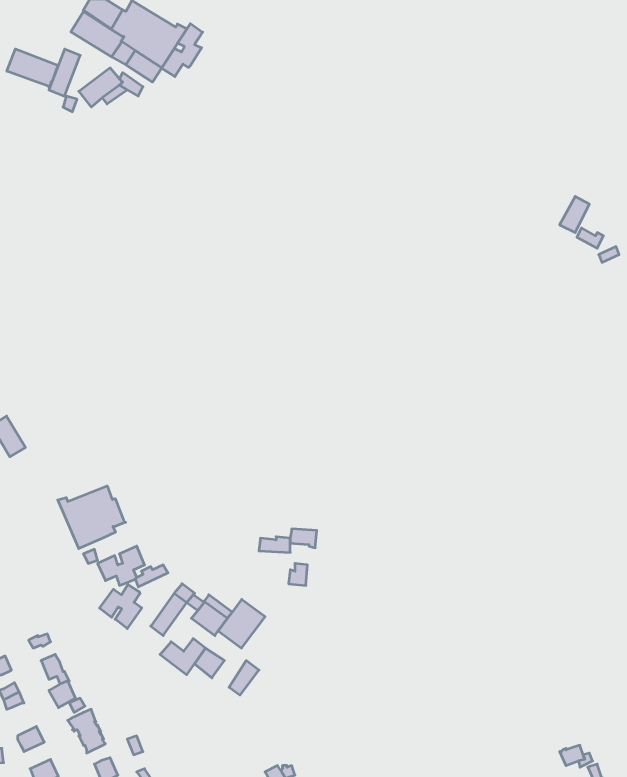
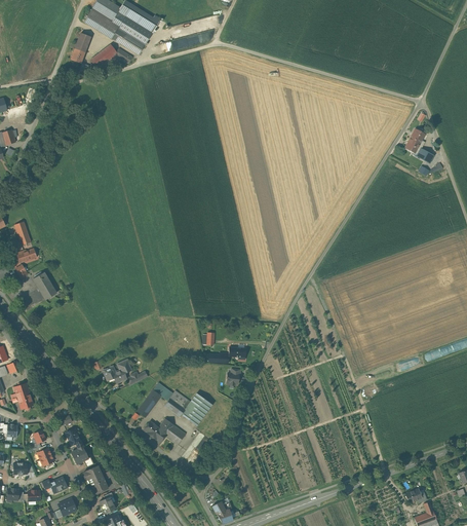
building: [161,24,203,77] -> none
building: [7,49,58,88] -> none
building: [58,486,126,549] -> none
building: [100,584,142,629] -> none

